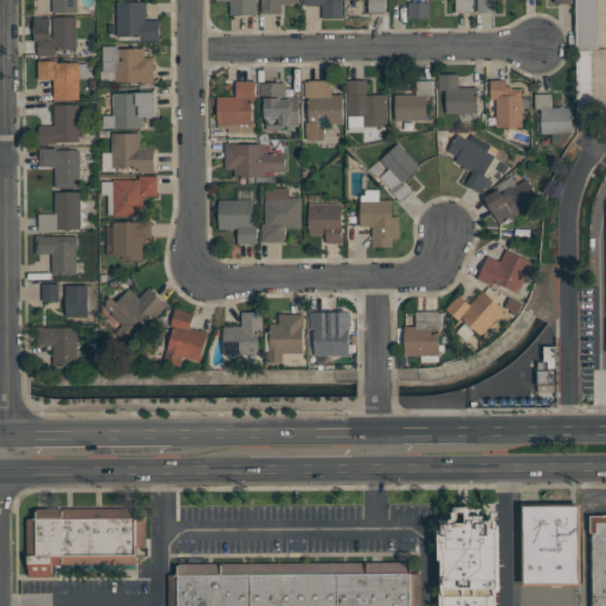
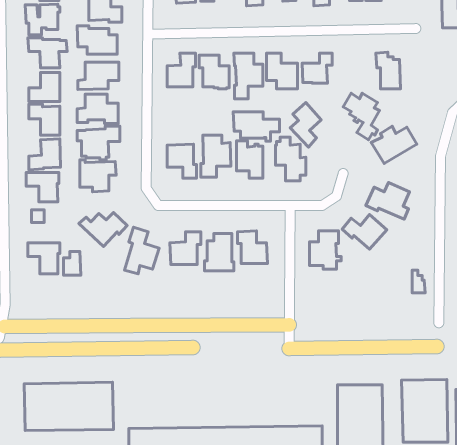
building: [439,73,478,114] -> none
building: [535,92,574,134] -> none
building: [225,143,285,181] -> [233,112,280,141]
building: [66,285,89,316] -> [63,252,81,275]

